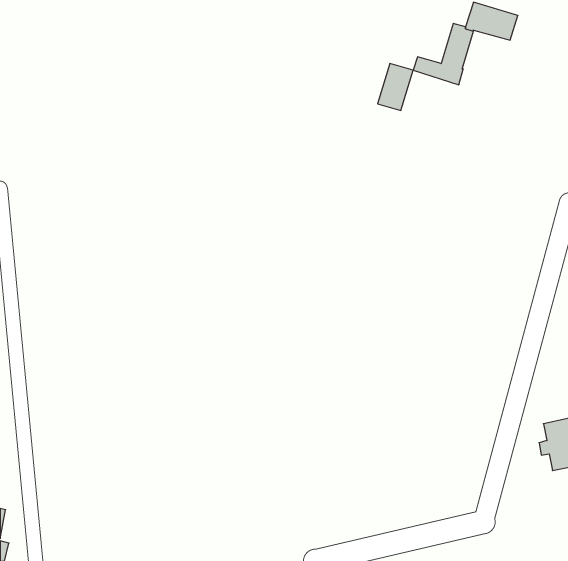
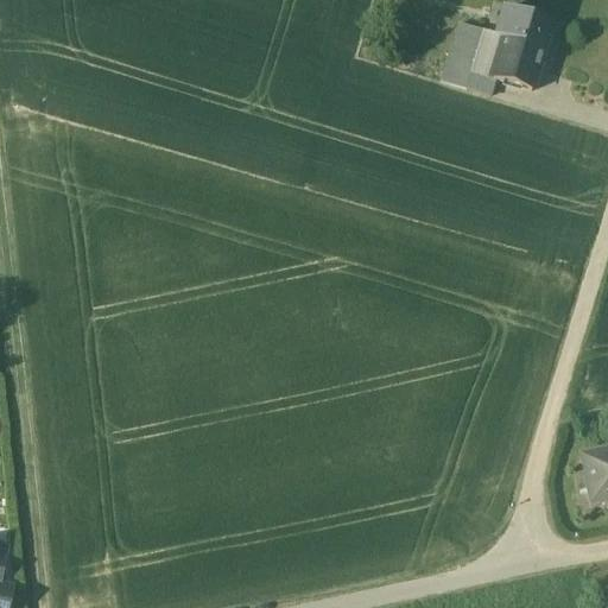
building: none -> [494,32,545,86]
building: [378,64,413,110] -> [446,18,484,68]

